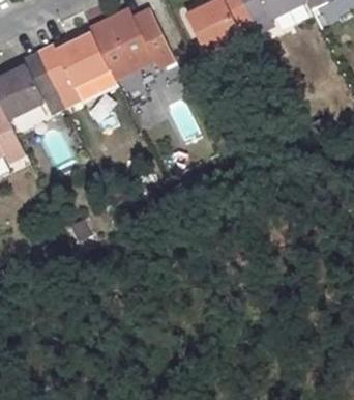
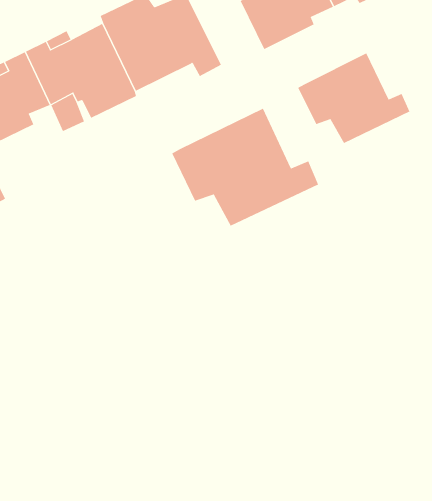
building: none -> [298,52,410,144]
building: none -> [171,108,319,226]

